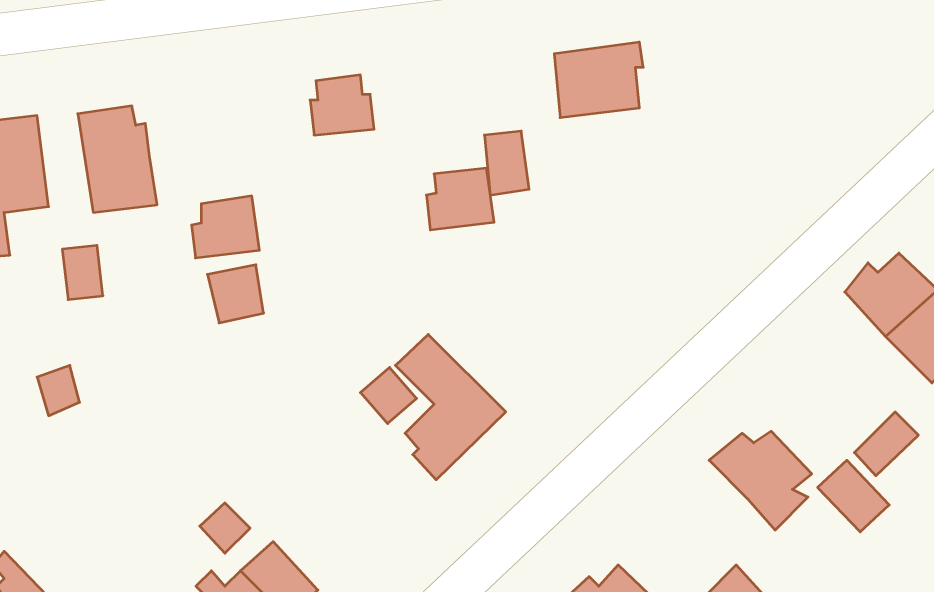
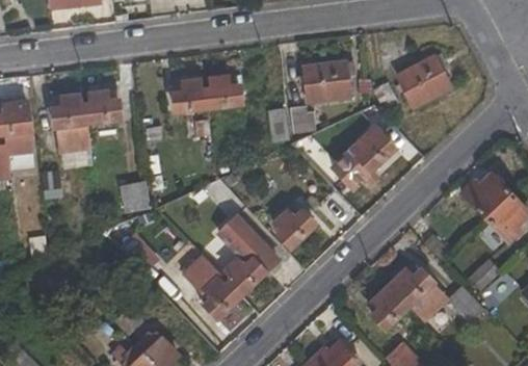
building: none -> [398,53,452,106]
building: none -> [339,127,397,184]
building: [426,168,494,230] -> [207,74,243,107]
building: [192,196,259,258] -> [86,88,123,122]
building: none -> [274,203,317,249]
building: none -> [177,247,242,318]
building: none -> [367,285,410,329]

